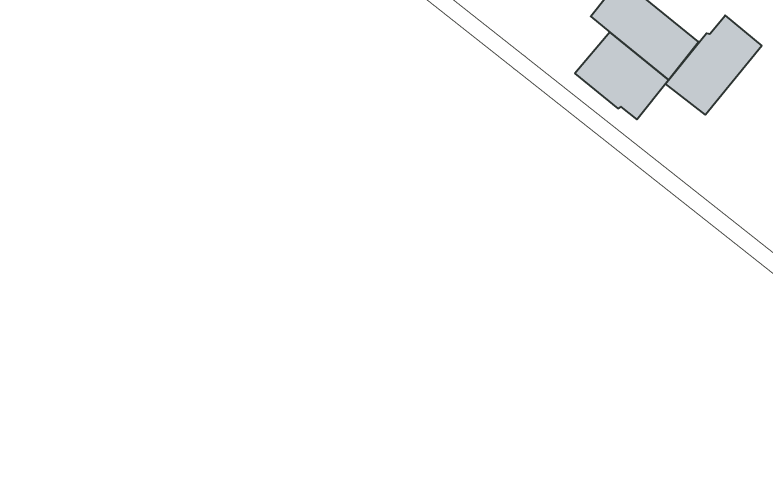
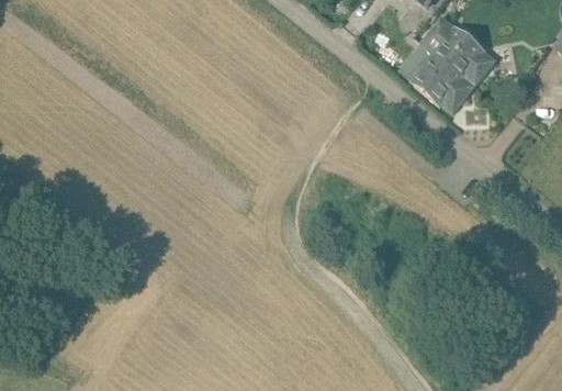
building: [665,15,762,115] -> none

